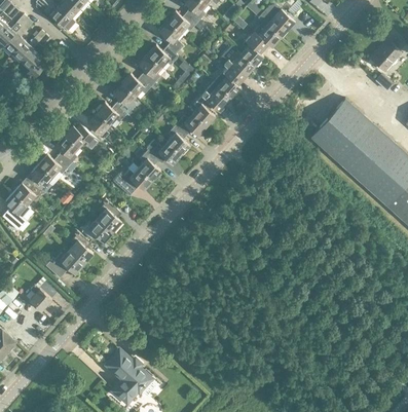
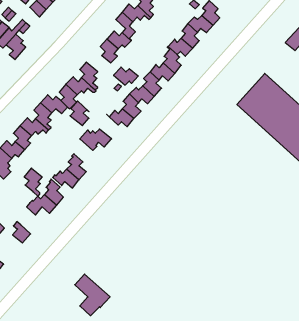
building: [120,74,151,97] -> [114,67,138,85]
building: [137,150,160,181] -> [70,101,89,126]
building: none -> [24,168,42,196]

